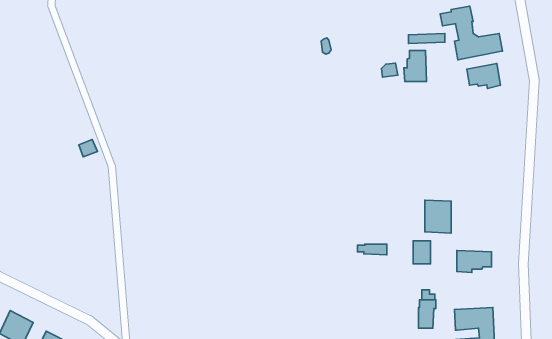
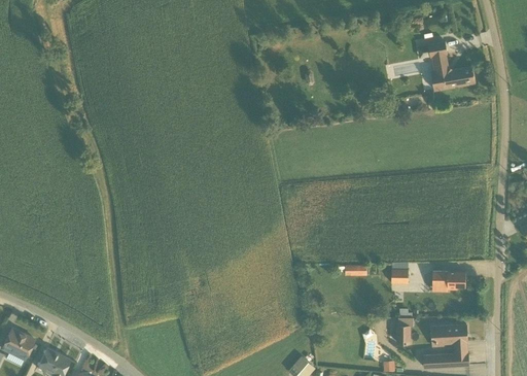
building: [404,50,427,81] -> none
building: [467,63,501,88] -> none
building: [425,200,451,233] -> none

